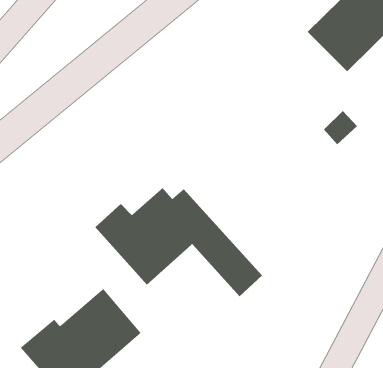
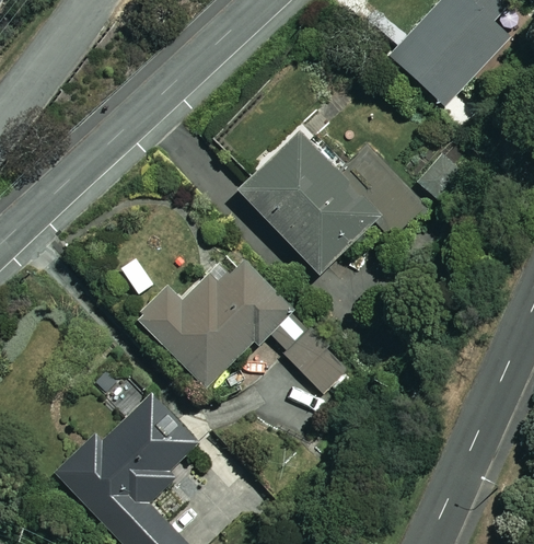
building: none -> [242,134,419,275]

